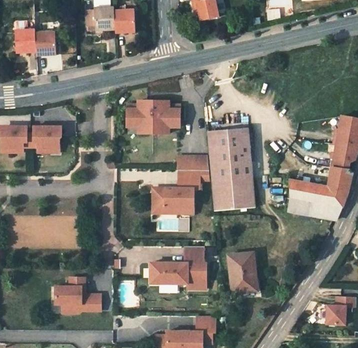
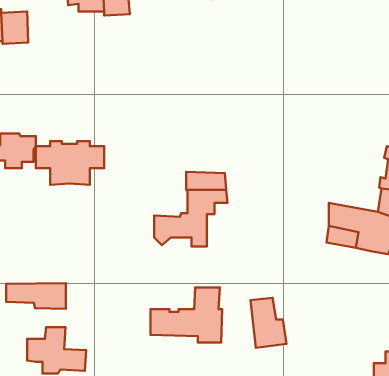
building: [127,100,180,134] -> [36,141,104,185]
building: [209,132,257,212] -> none
building: none -> [6,283,66,309]

